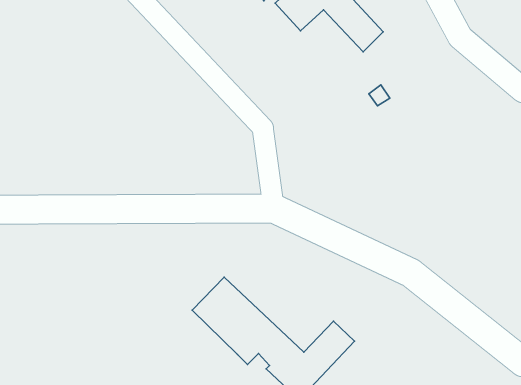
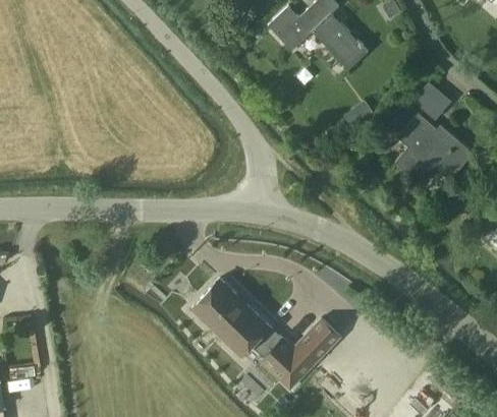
building: none -> [411,80,451,119]
building: none -> [392,112,473,186]

